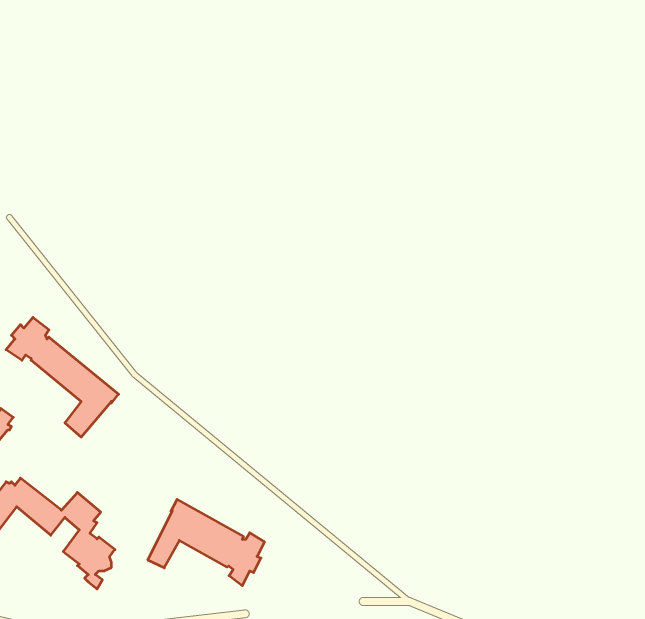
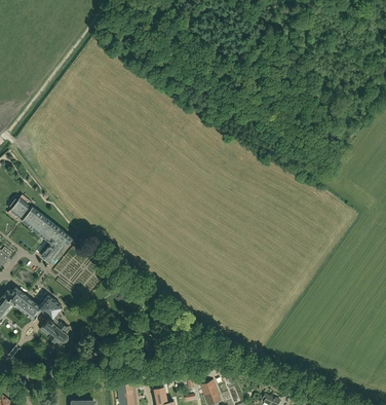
building: [148,499,264,586] -> none

